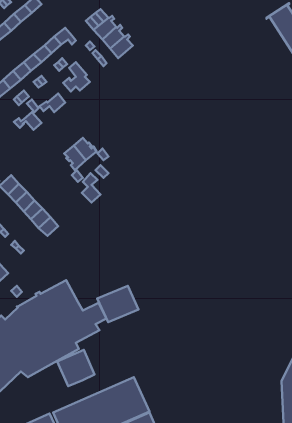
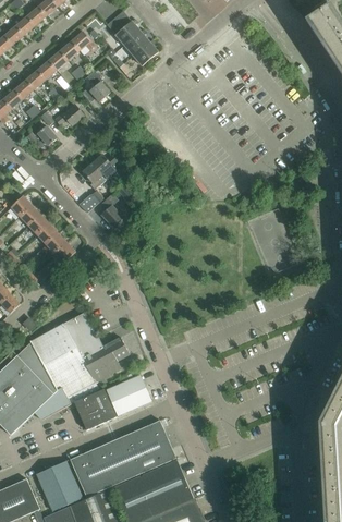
building: [97,286,139,322] -> [106,375,151,415]

